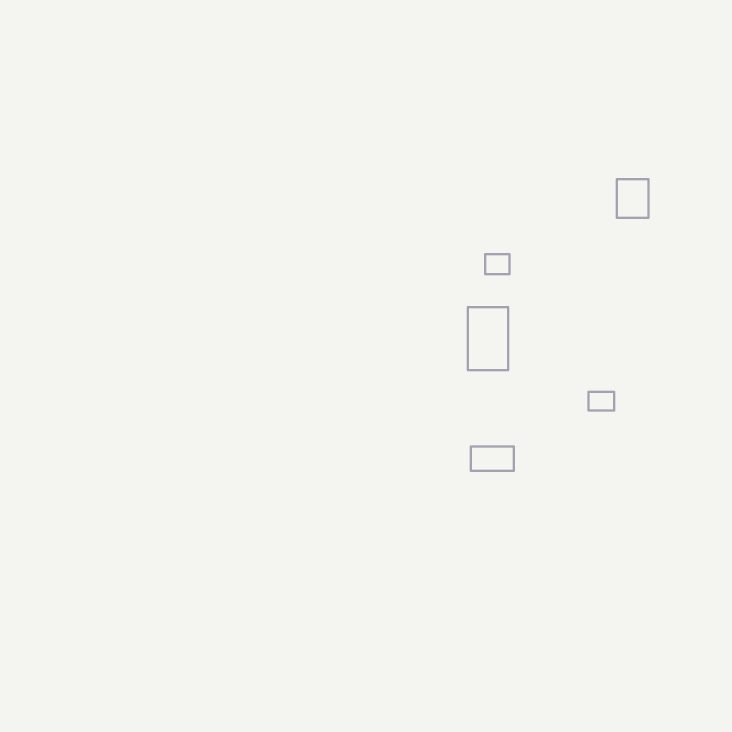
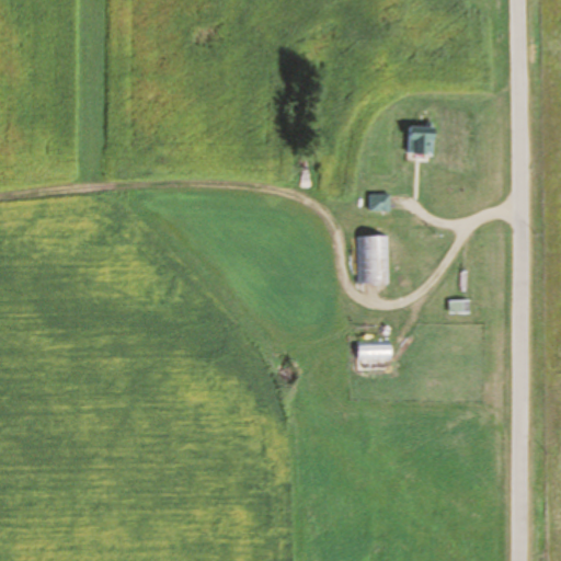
building: [617,179,648,218] -> [408,126,432,156]

